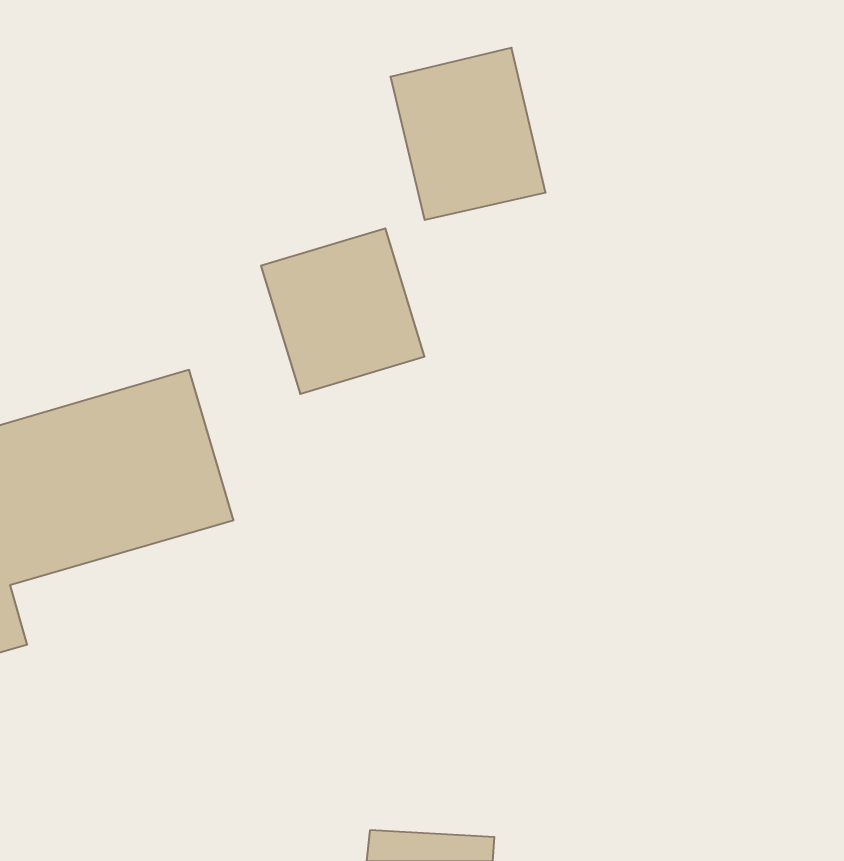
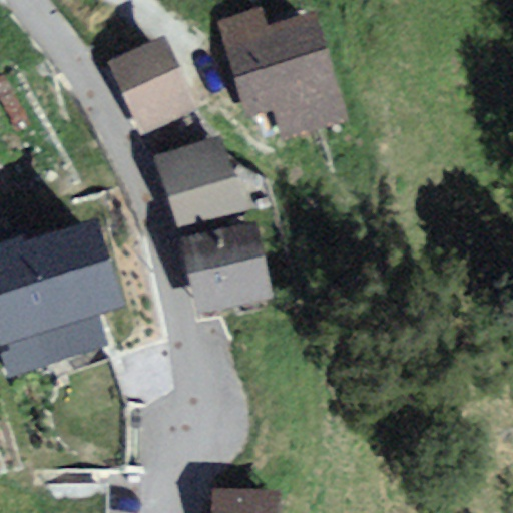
building: none -> [107,39,191,127]
building: none -> [182,223,281,314]

